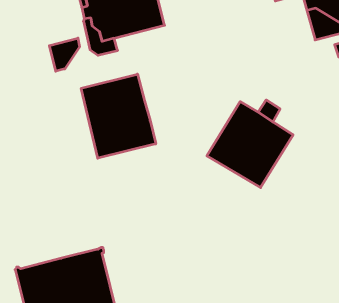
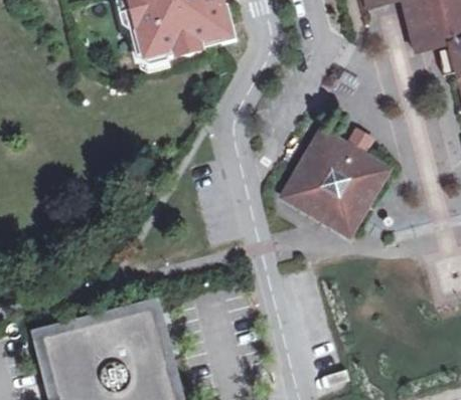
building: [49,38,80,71] -> none
building: [81,74,156,158] -> none

